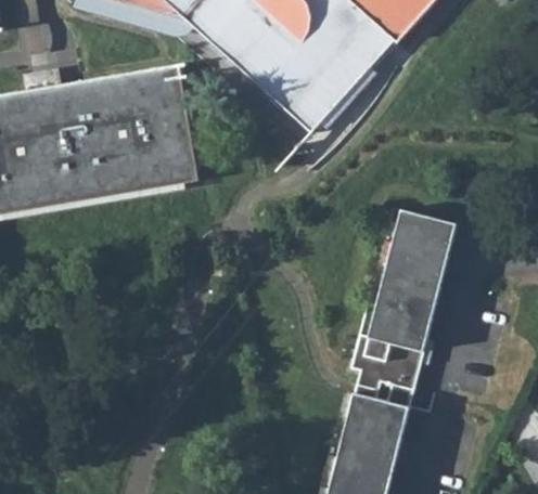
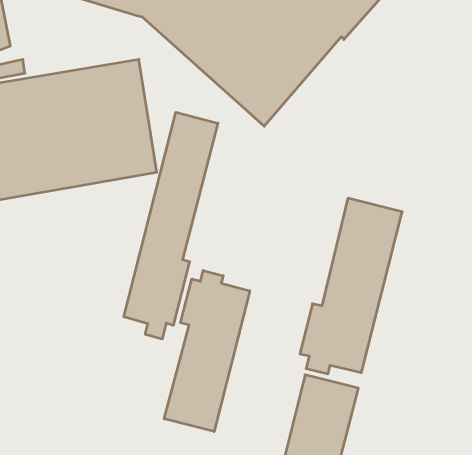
building: none -> [124,112,218,339]
building: none -> [164,270,250,432]

